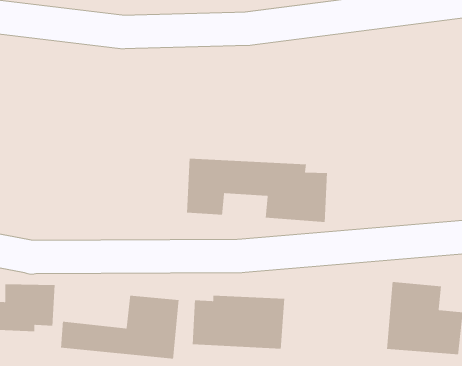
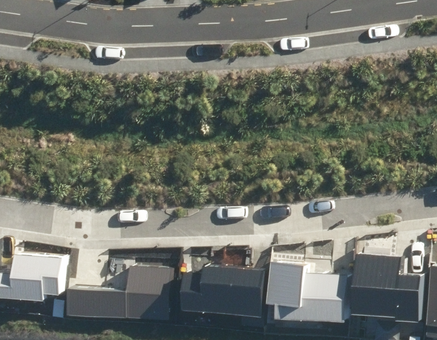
building: [186,158,328,223] -> none
building: none -> [269,264,345,320]

